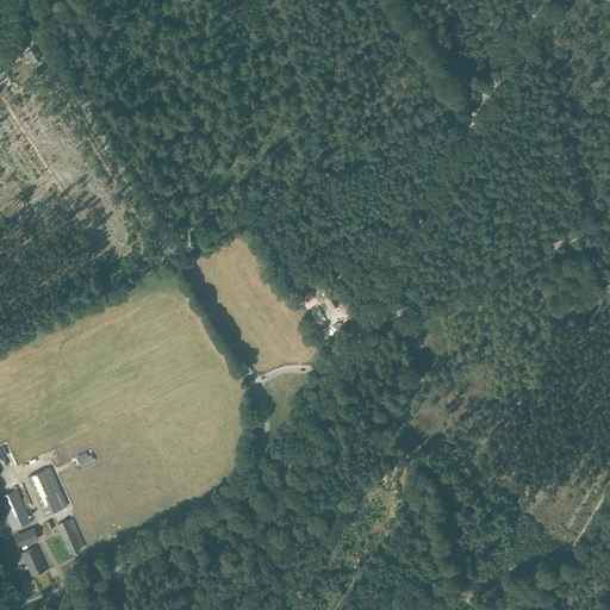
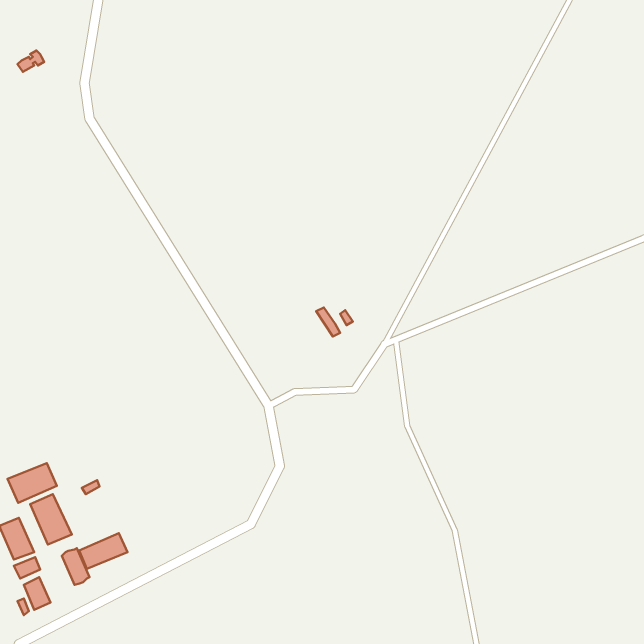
building: none -> [7,463,57,503]
building: none -> [79,533,127,569]

